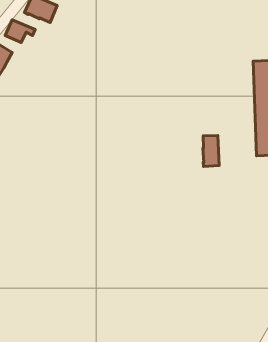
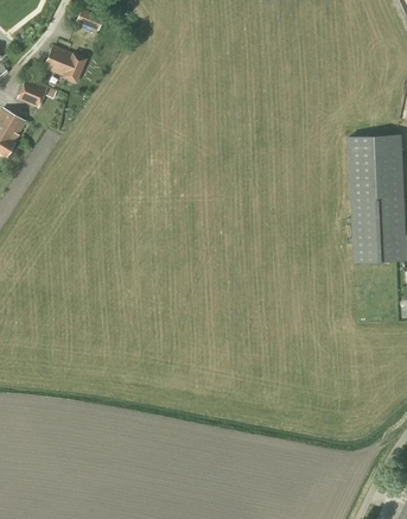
building: [203,135,219,166] -> none

